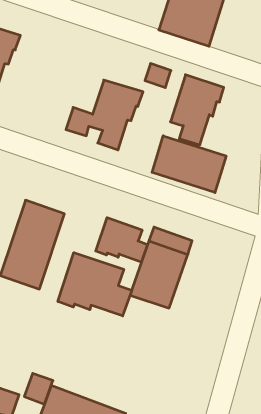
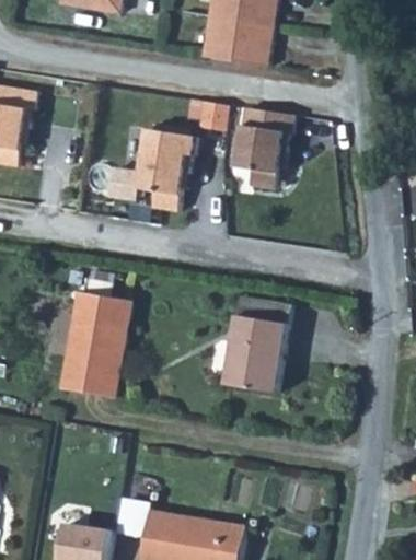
building: [152,136,226,193] -> none
building: [96,218,148,262] -> none
building: [58,253,132,316] -> none

